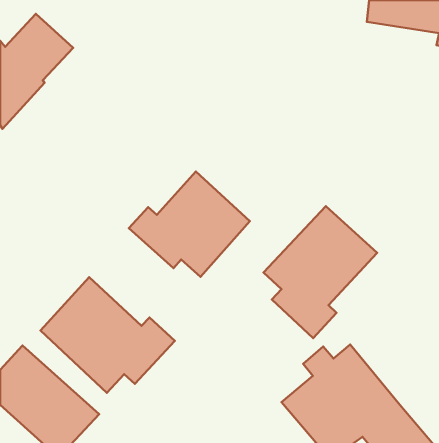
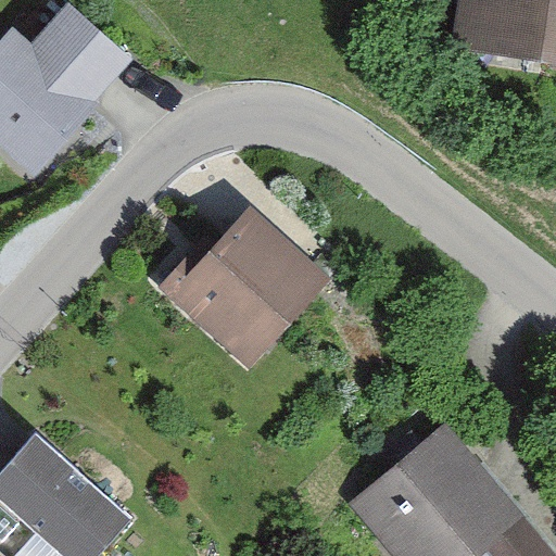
building: [264,206,377,338] -> none
building: [41,277,175,393] -> none

